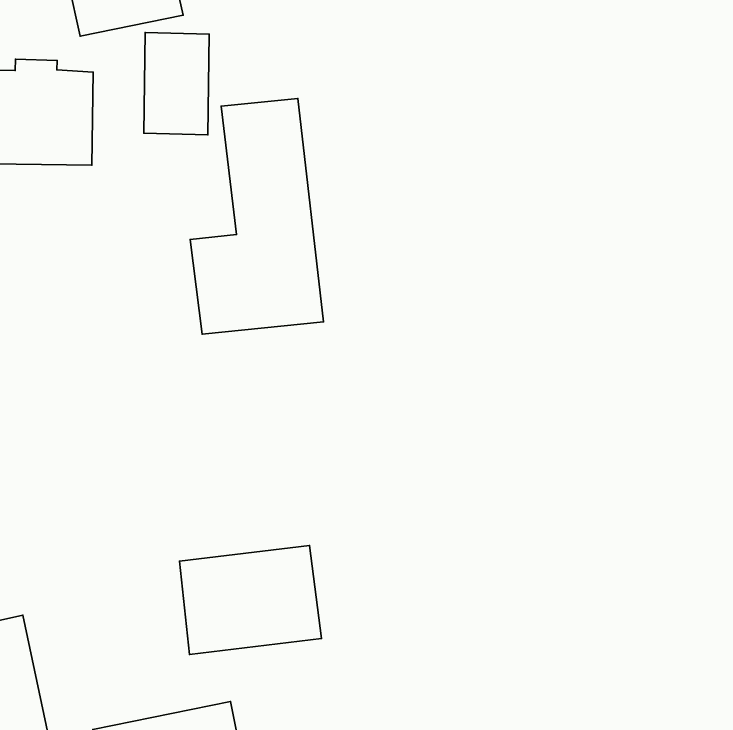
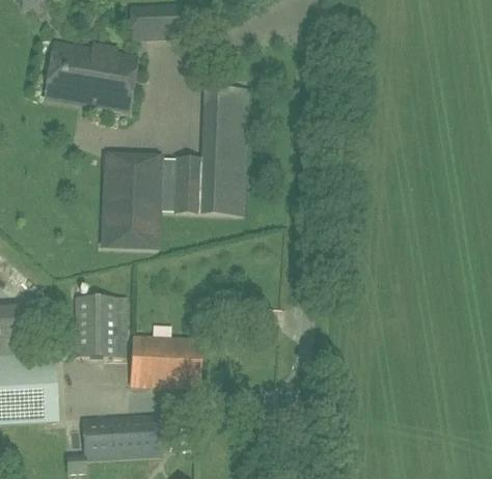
building: [144,33,209,135] -> none
building: none -> [100,154,159,248]
building: none -> [74,297,124,355]

